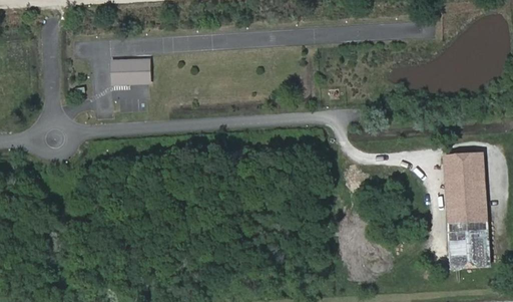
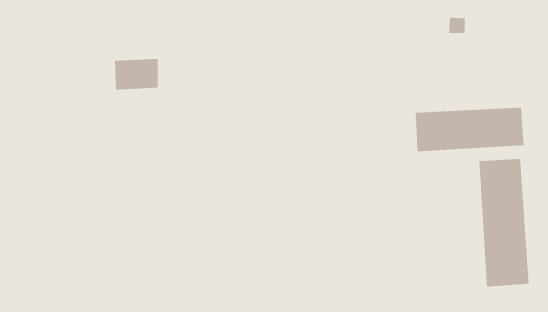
building: none -> [415,107,524,152]

